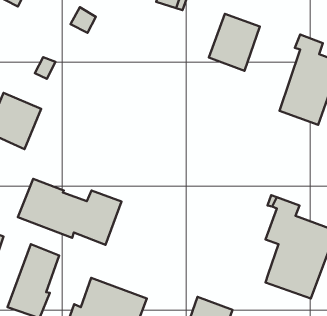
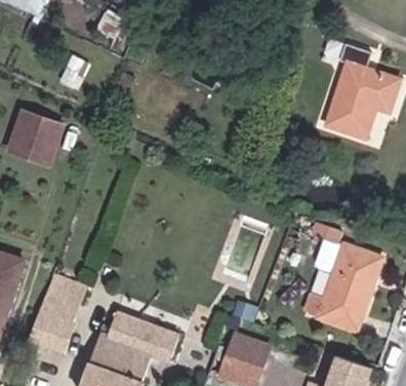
building: [209,14,260,71] -> none
building: [18,179,122,245] -> none

